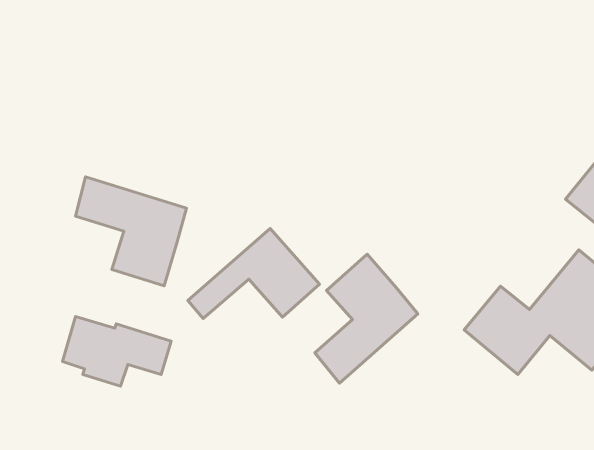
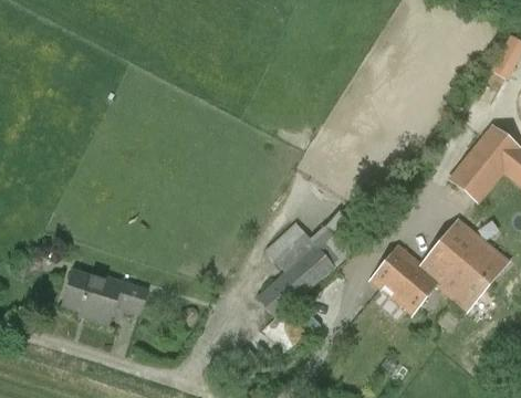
building: [75,177,186,286] -> none
building: [188,229,320,318] -> none

